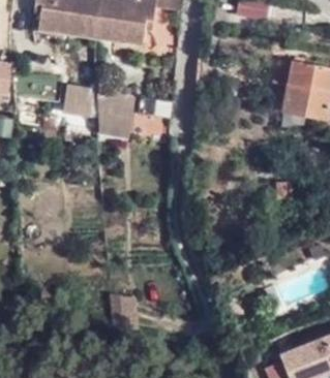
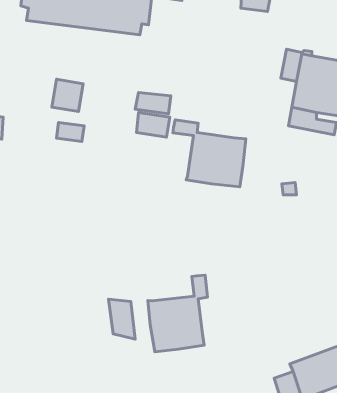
building: [95,91,138,139] -> none
building: none -> [173,120,246,187]
building: none -> [148,275,207,352]

